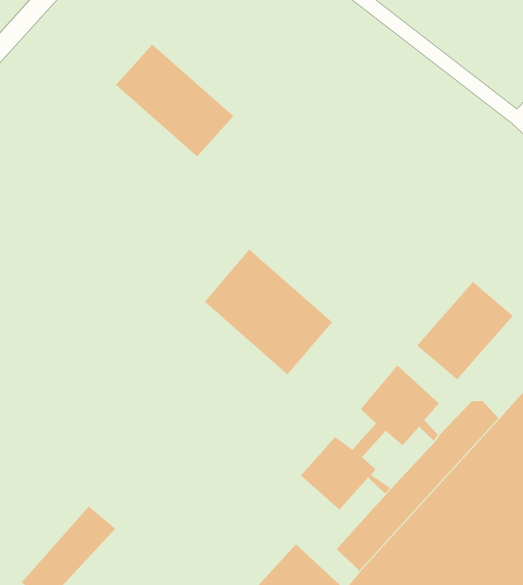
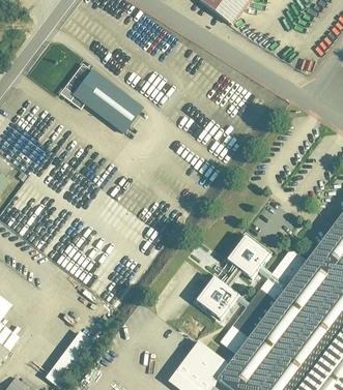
building: [204,249,333,375] -> none
building: [416,281,514,381] -> none

